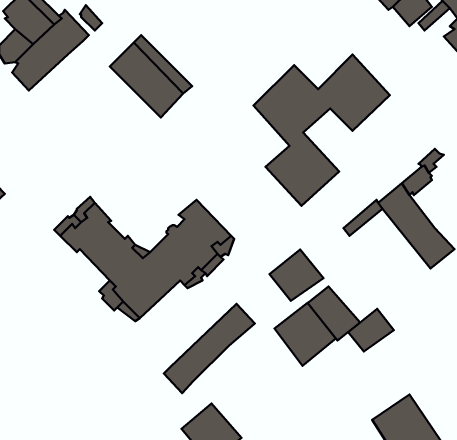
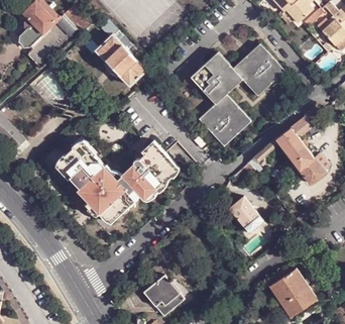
building: [269,250,323,301] -> none
building: [274,303,336,366] -> none
building: [164,304,255,393] -> none
building: [348,309,394,352] -> none

